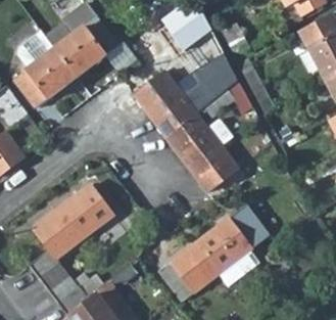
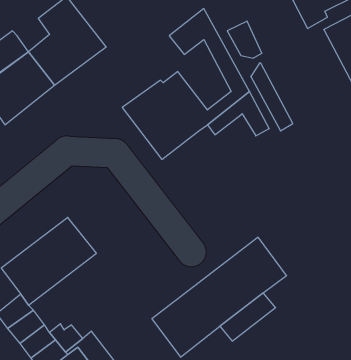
building: [165,113,237,191] -> none

